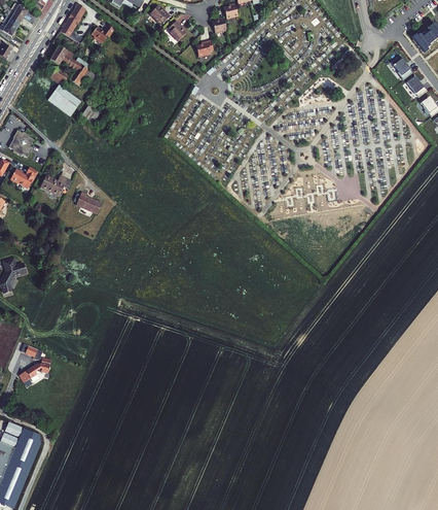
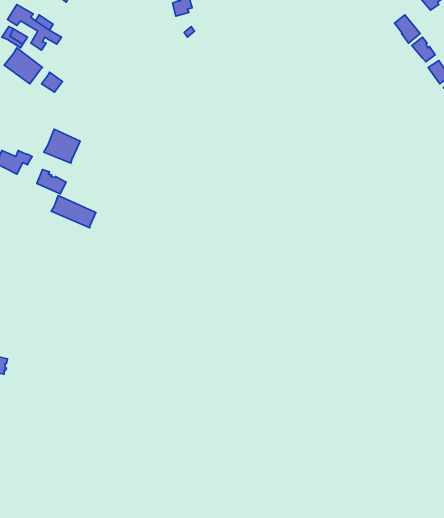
building: none -> [44,129,80,163]
building: none -> [51,195,96,228]

